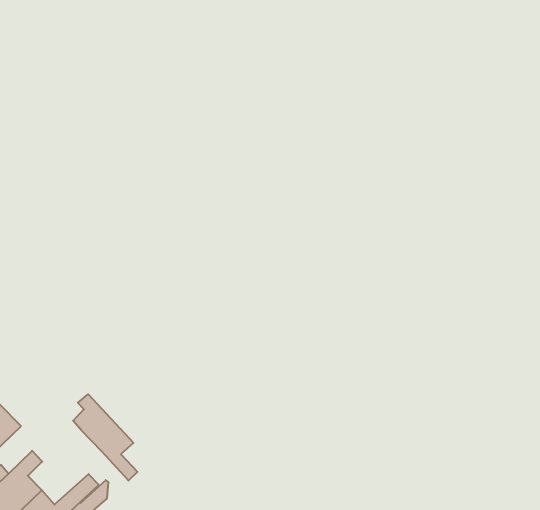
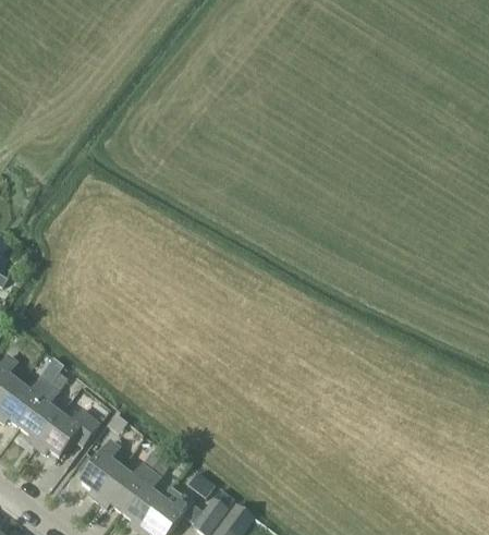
building: [73,394,137,481] -> none

